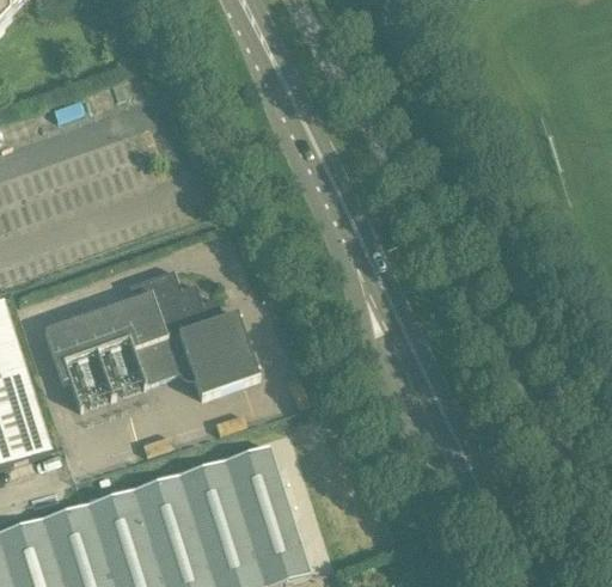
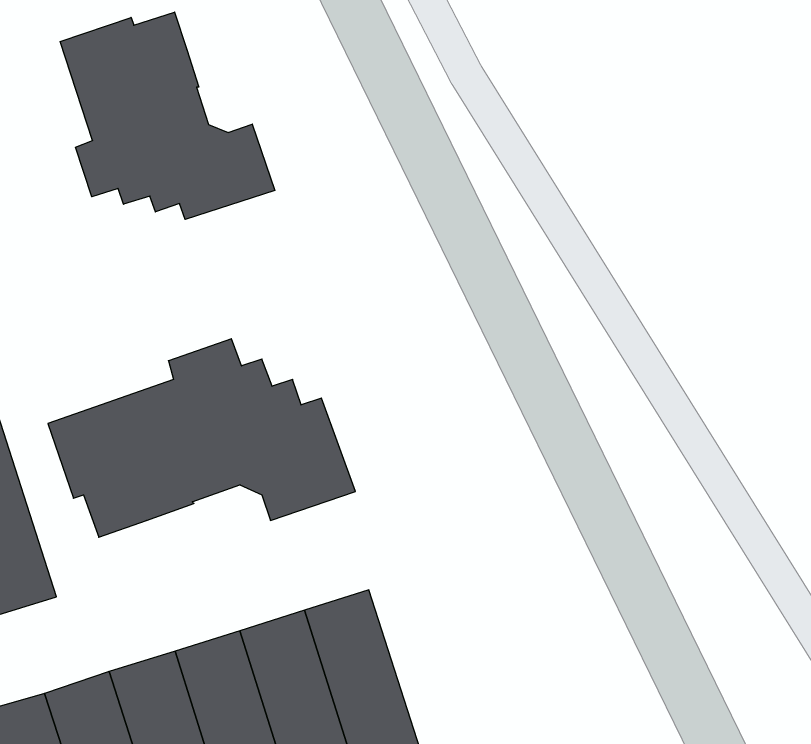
building: none -> [60,12,275,219]

